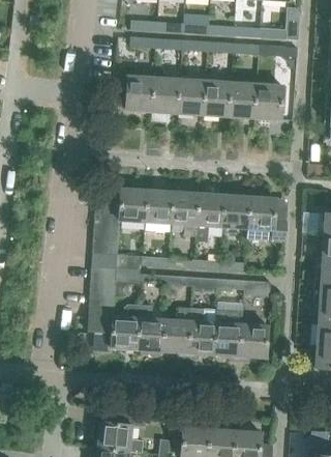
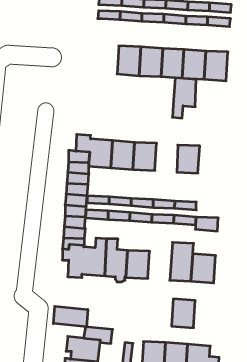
building: [126,76,154,111] -> none
building: [195,193,223,240] -> [172,78,196,118]
building: [247,196,288,242] -> none
building: [188,320,216,354] -> [172,299,195,328]
building: none -> [53,306,88,327]

